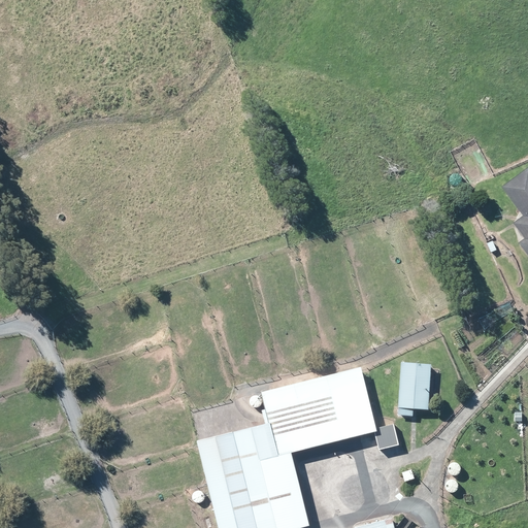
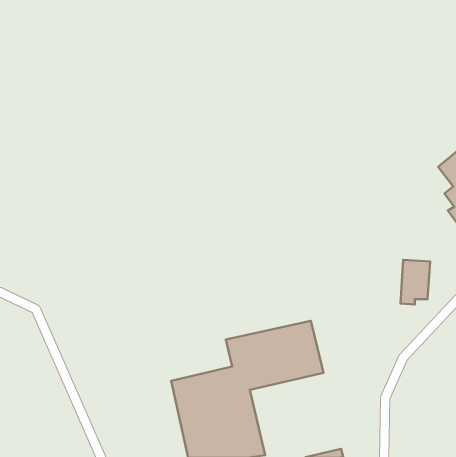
building: [399,364,433,416] -> [401,260,430,304]
building: [375,427,400,452] -> none

